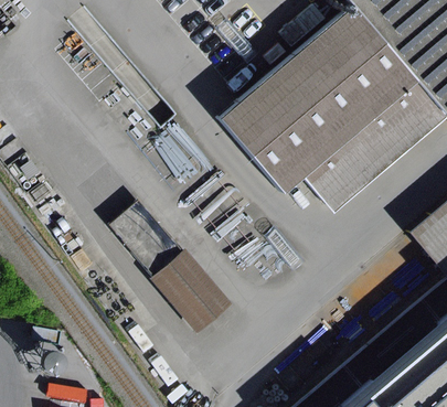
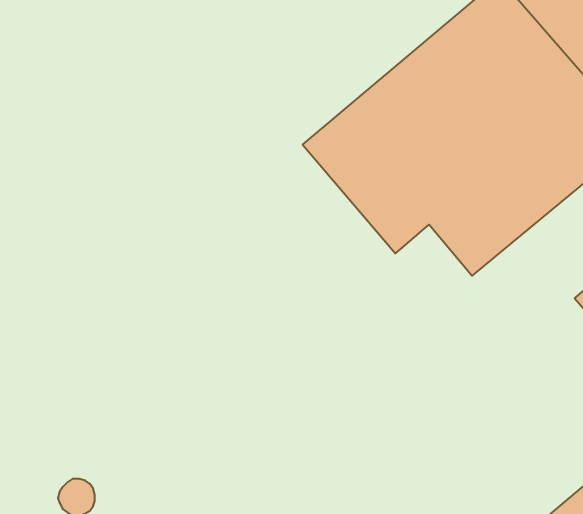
building: [109,199,226,328] -> none

